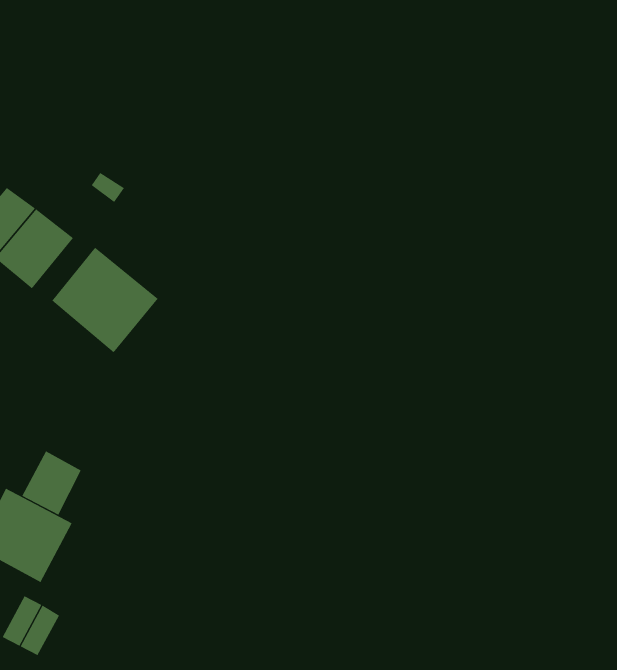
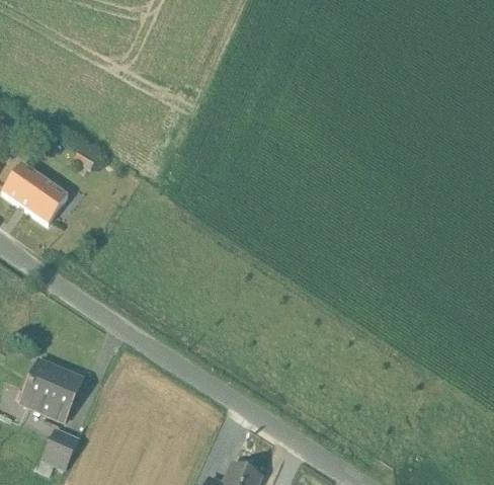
building: [52,247,158,353] -> none
building: [22,450,82,516] -> none

